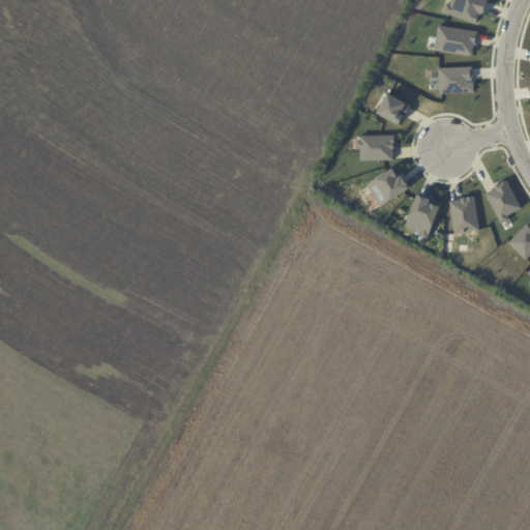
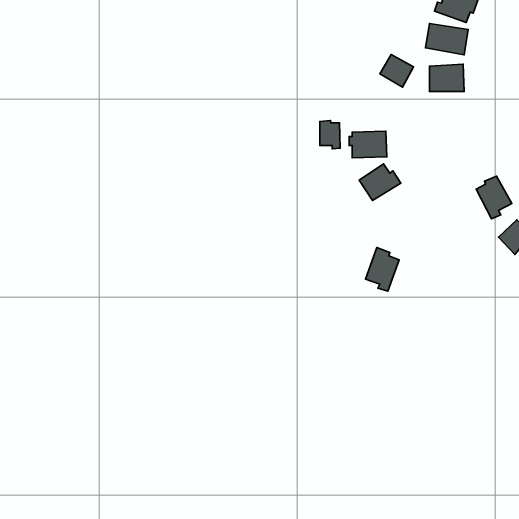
building: [376,92,410,125] -> [380,54,414,87]
building: none -> [320,120,340,149]
building: [405,194,439,238] -> [366,248,399,291]
building: [449,195,479,233] -> none

